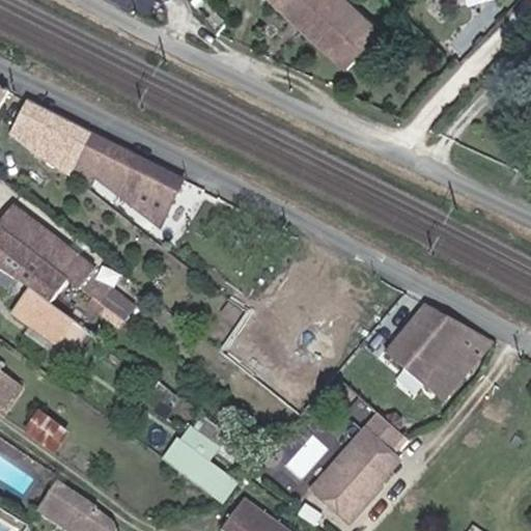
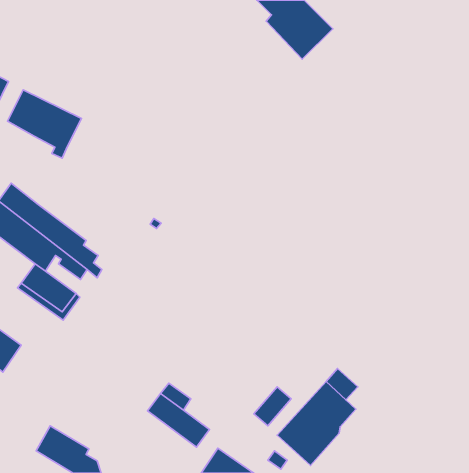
building: [76,133,186,228] -> none
building: [384,305,491,398] -> none
building: [20,407,66,450] -> none

